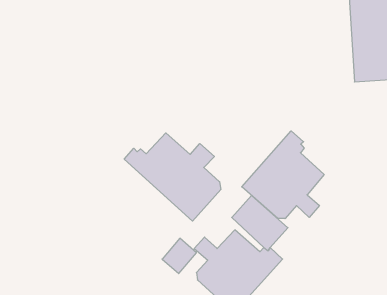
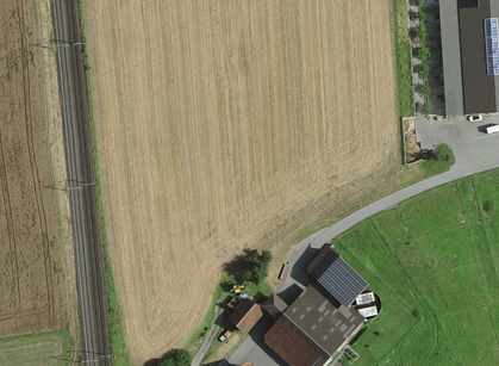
building: [242,131,324,219] -> none
building: [124,133,221,221] -> none

